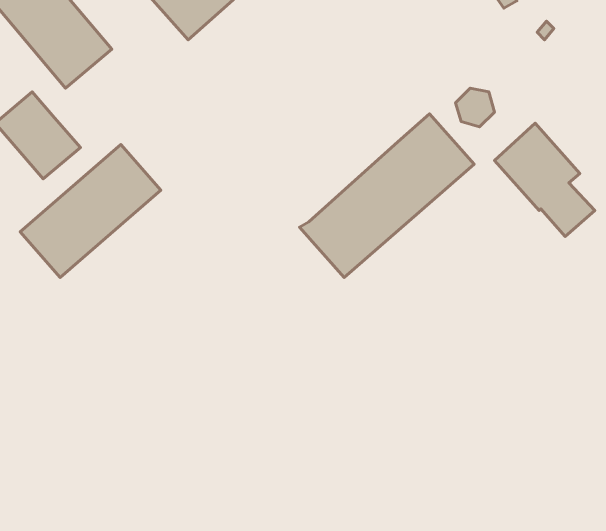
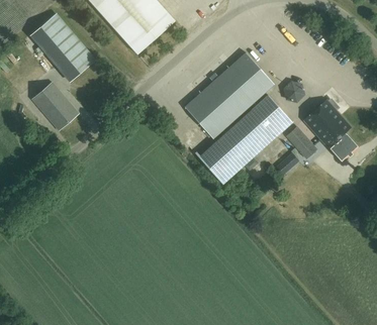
building: none -> [185,52,274,138]
building: [20,145,161,277] -> none
building: none -> [285,126,316,157]

